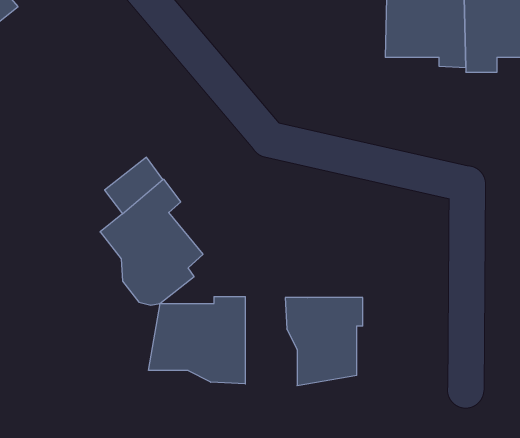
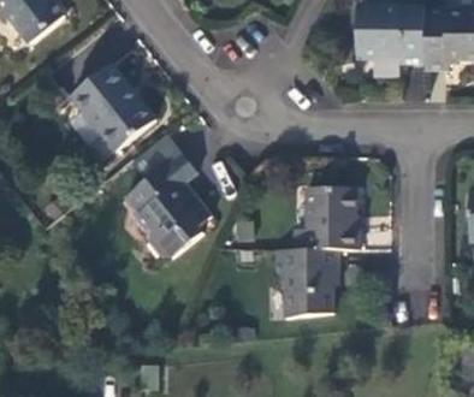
building: none -> [69,65,150,149]
building: none -> [295,186,359,248]
building: [149,297,245,384] -> none

